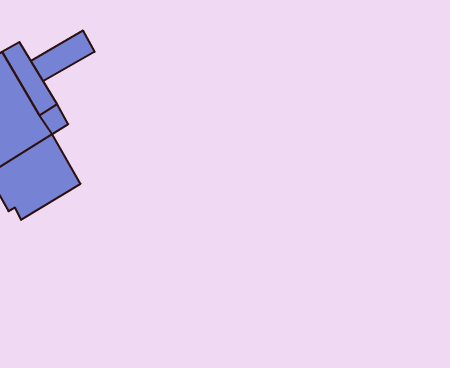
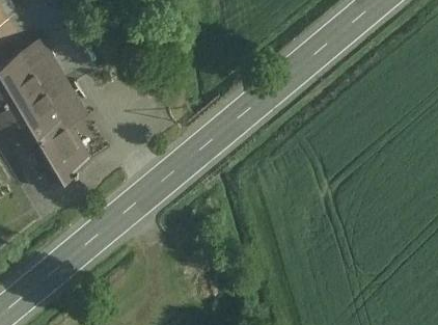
building: [31,30,95,81] -> none

